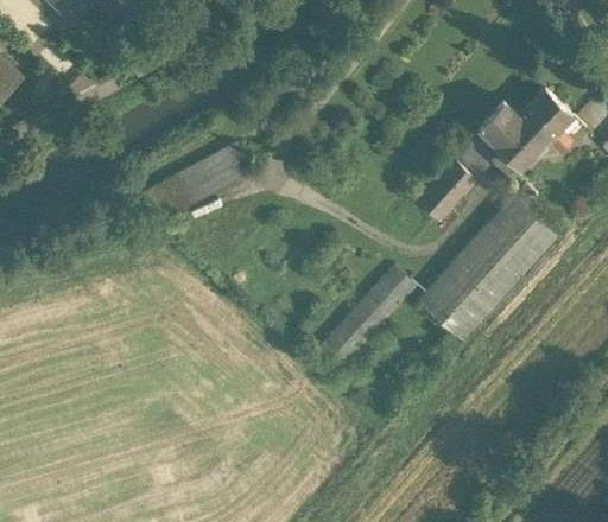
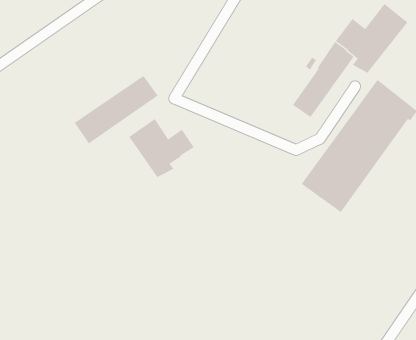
building: none -> [129,118,194,178]
building: [311,265,417,376] -> none

